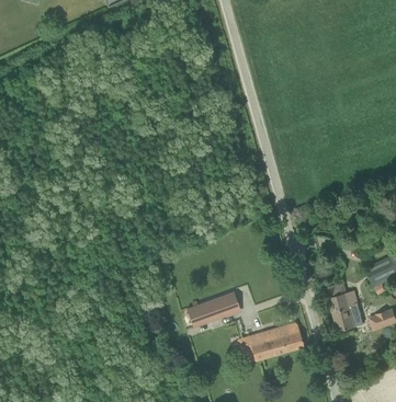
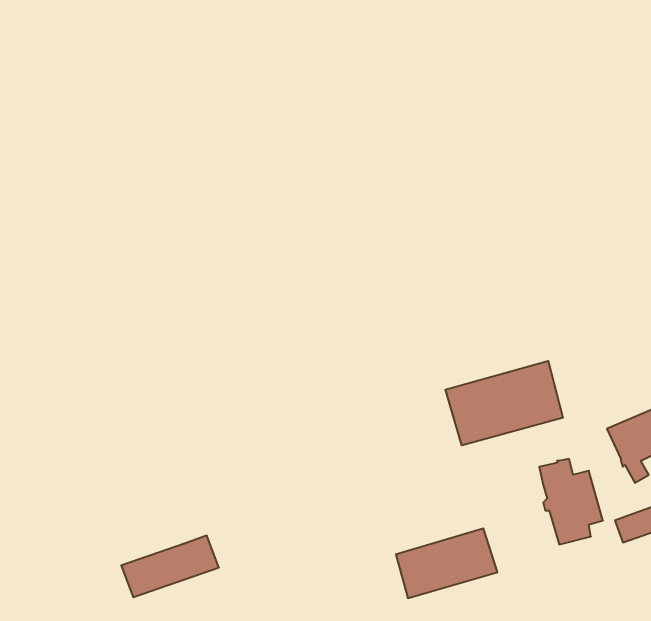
building: none -> [445,361,563,445]
building: [185,292,239,326] -> [121,536,219,597]

